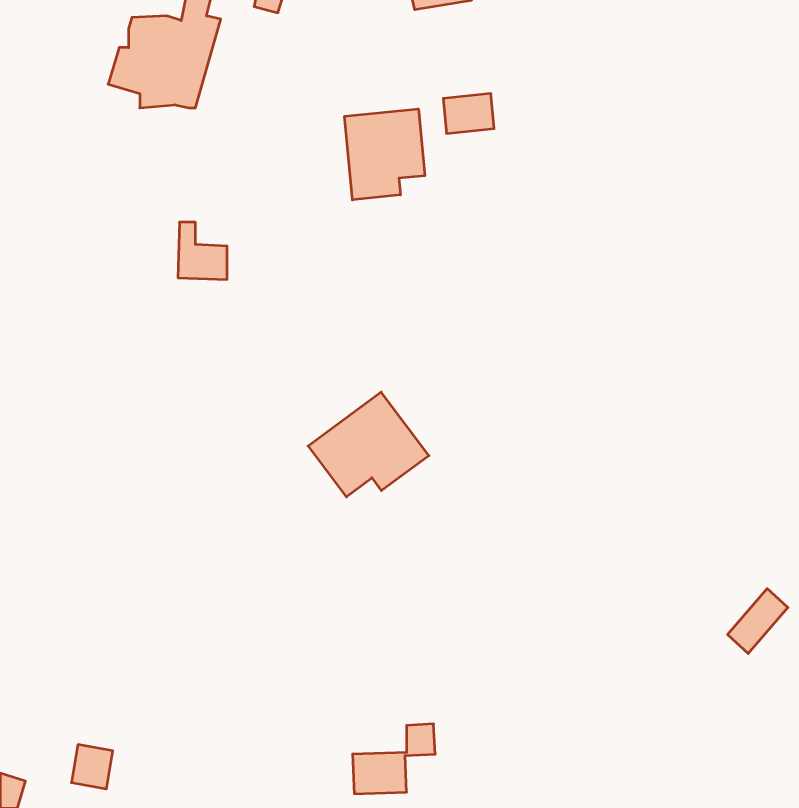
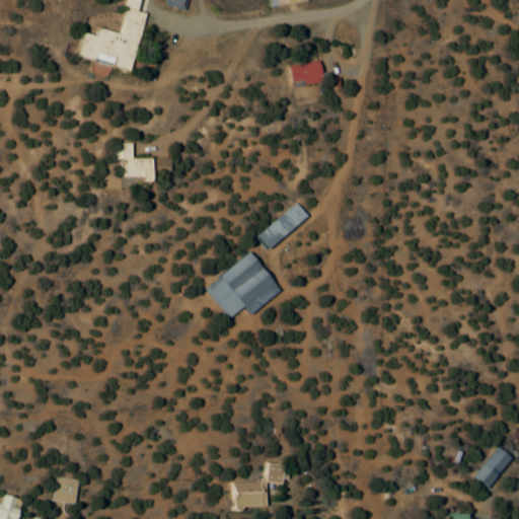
building: [345,109,425,200] -> none
building: none -> [256,203,309,245]
building: [728,589,788,654] -> [475,446,514,488]

